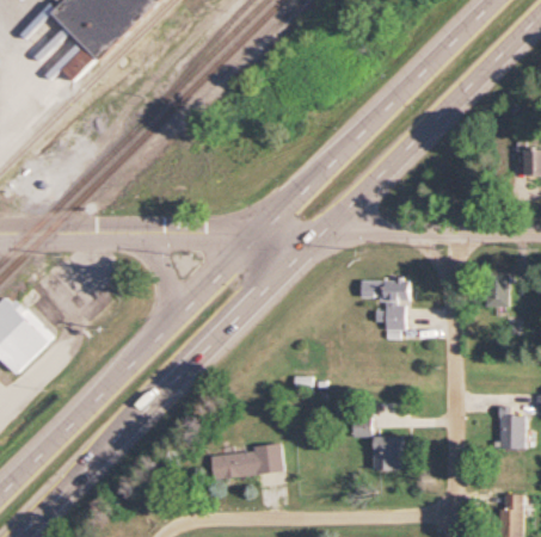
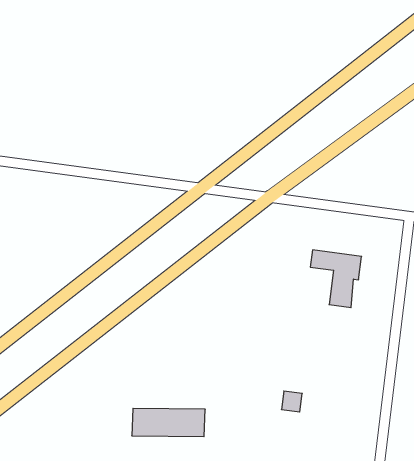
building: [374,437,402,473] -> none

